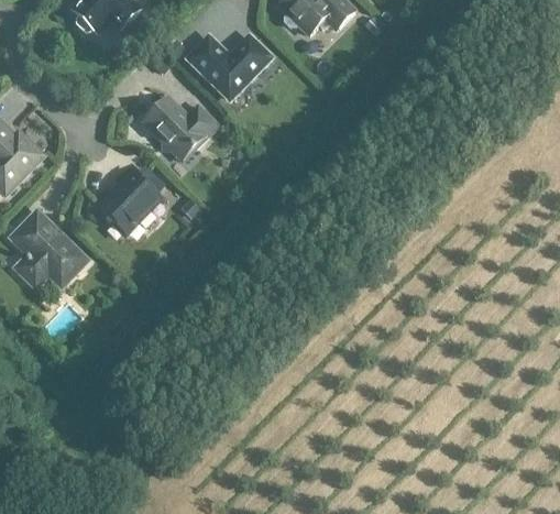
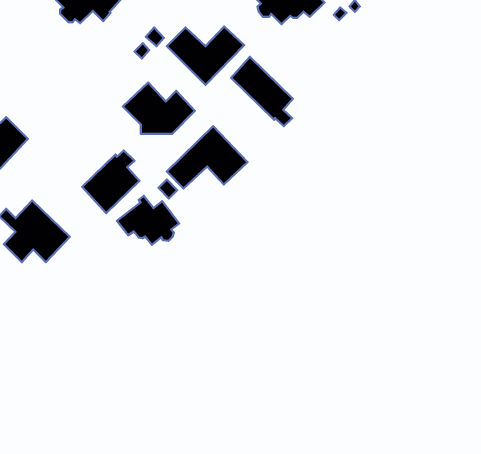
building: none -> [231,57,293,126]
building: none -> [167,126,248,189]
building: none -> [117,196,179,245]

